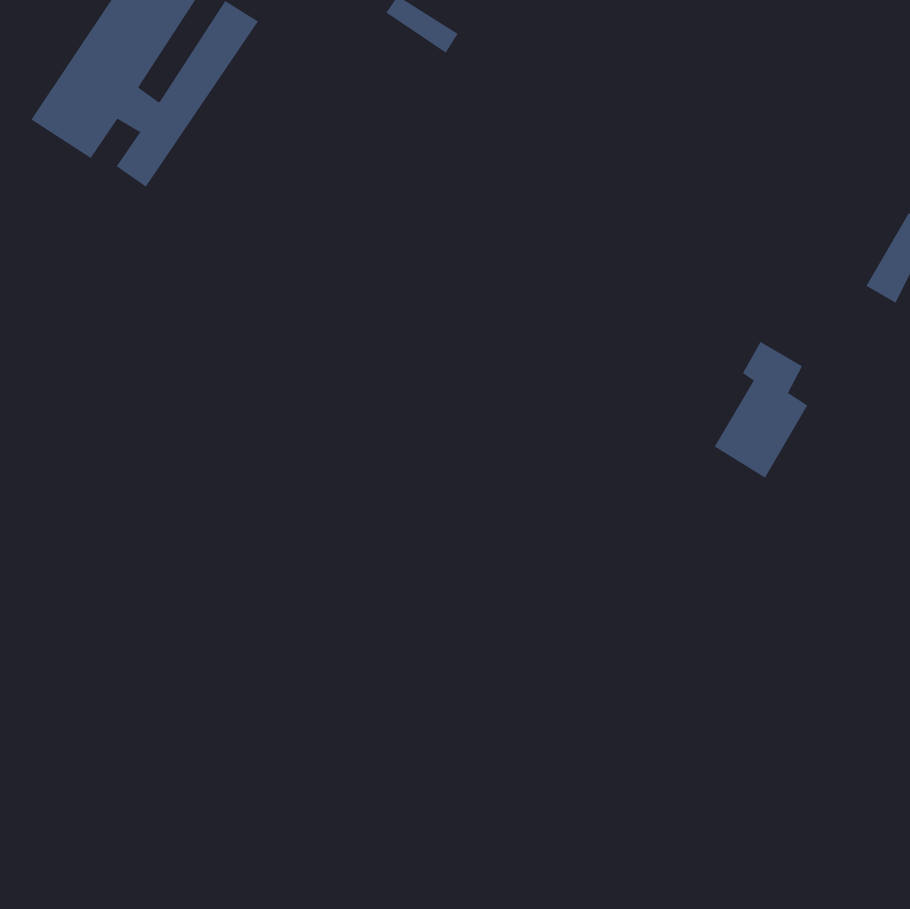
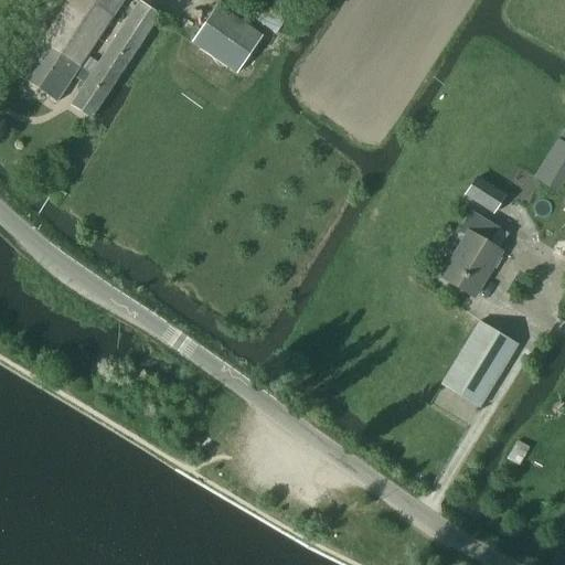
building: none -> [193,4,264,72]
building: none -> [467,178,503,211]
building: none -> [441,320,519,406]

